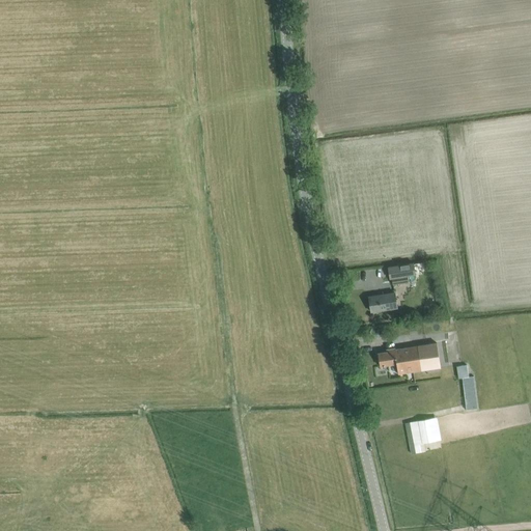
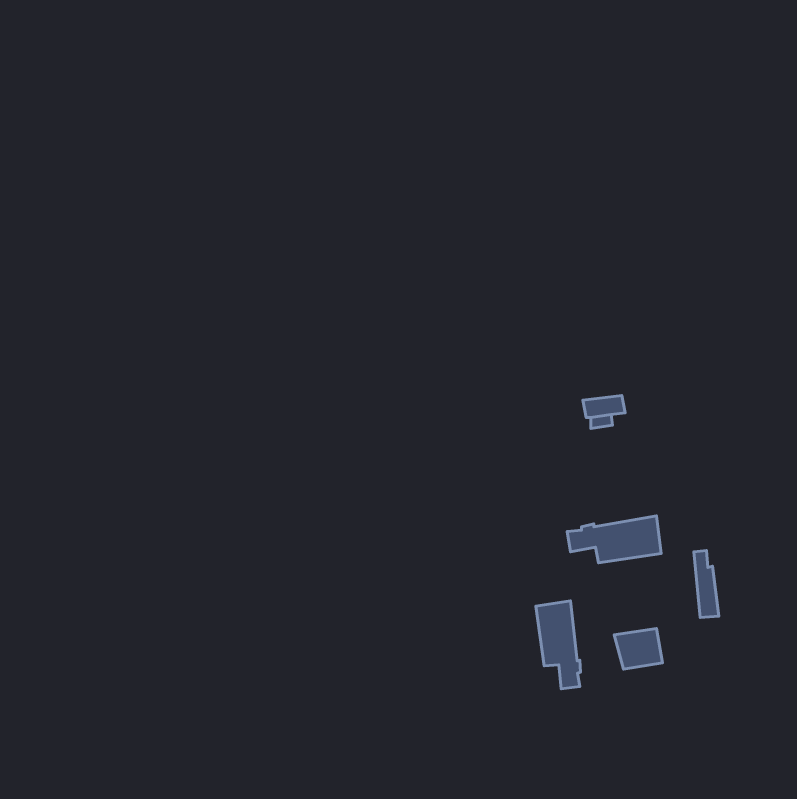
building: [368,292,396,311] -> none
building: none -> [536,601,580,689]

